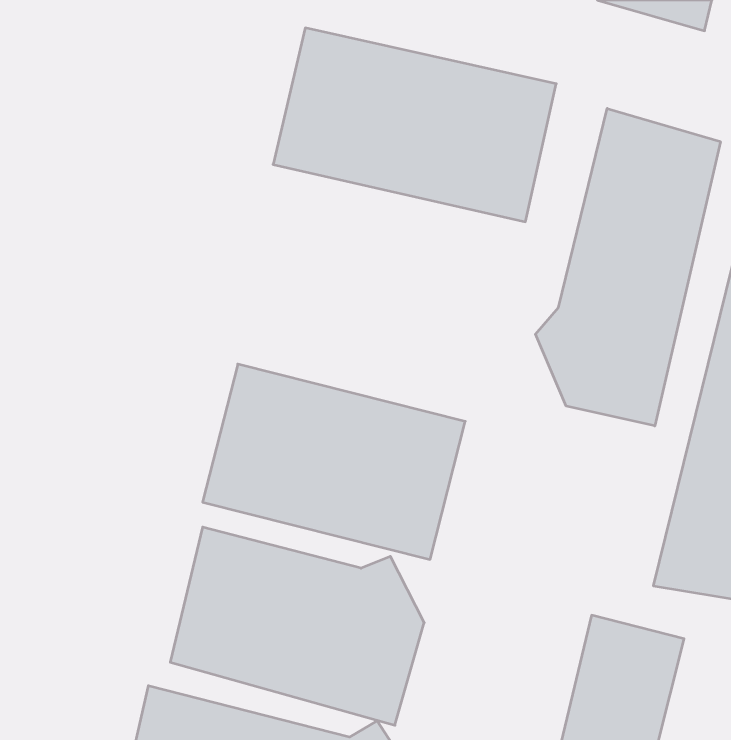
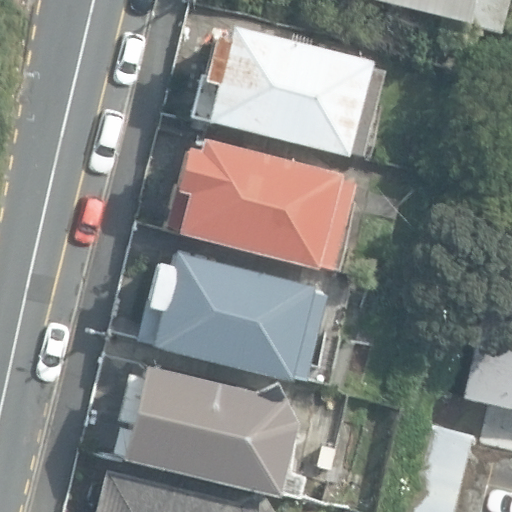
building: [535,108,720,426] -> none
building: none -> [177,138,354,269]

